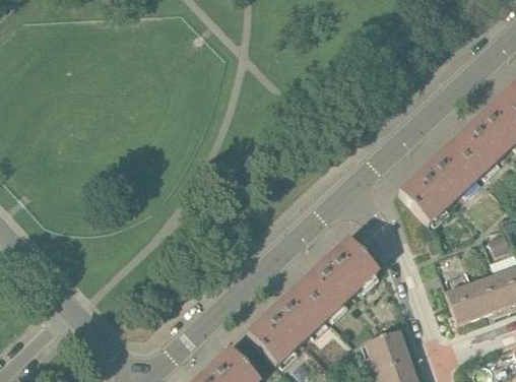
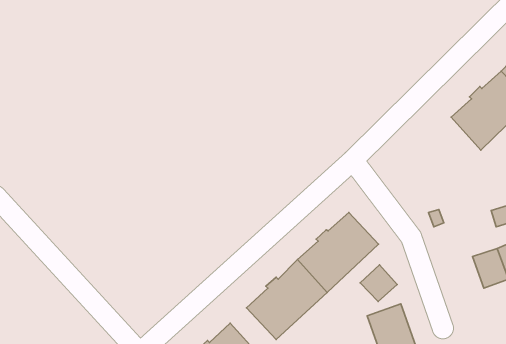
building: [398,144,478,224] -> none
building: [446,282,481,323] -> none
building: none -> [360,265,397,302]

